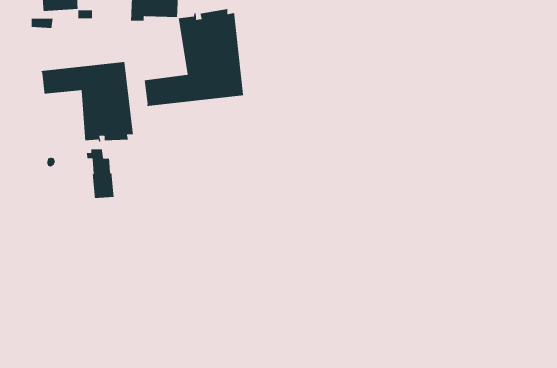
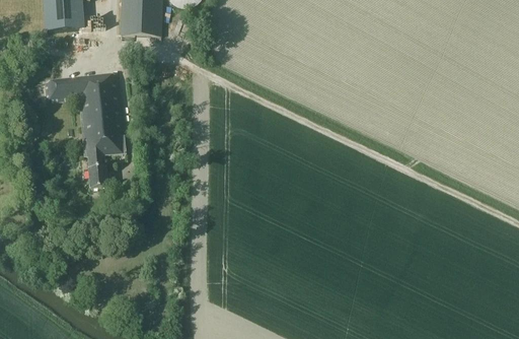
building: [144,8,245,107] -> none
building: none -> [82,134,126,153]

